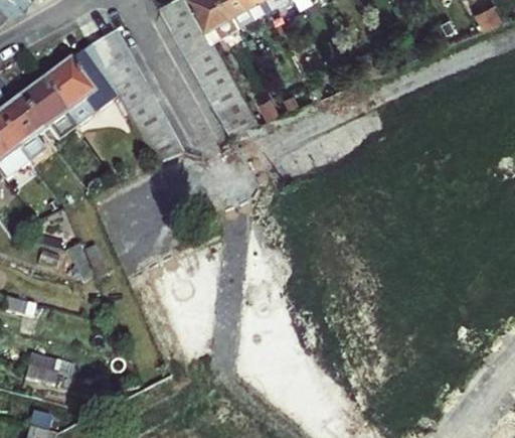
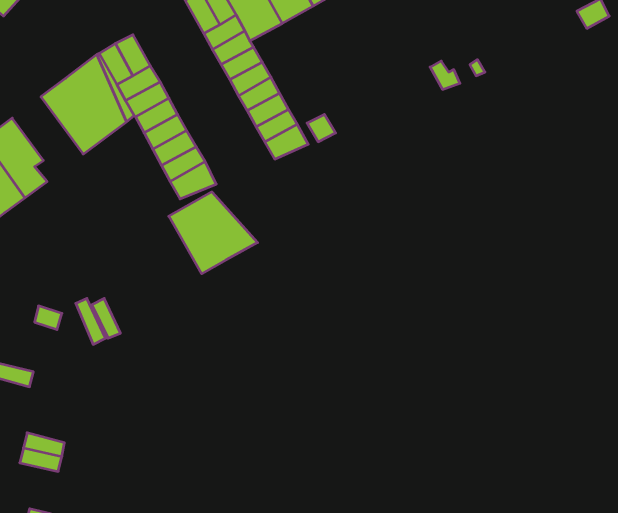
building: [17,81,74,139] -> none
building: none -> [169,192,258,274]

